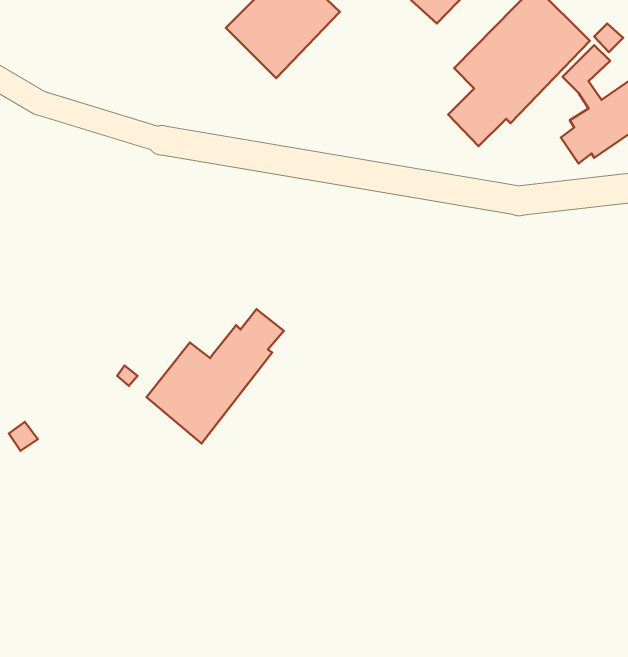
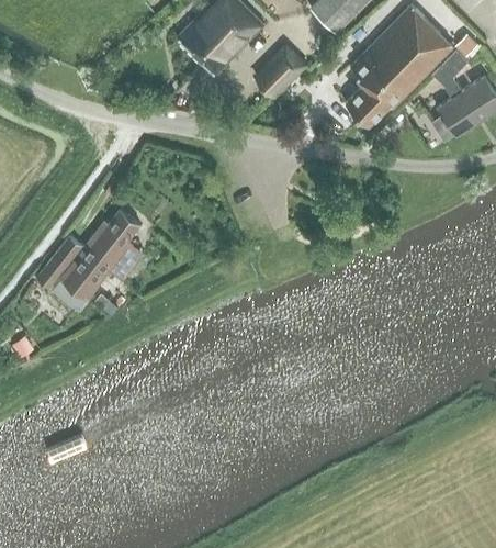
building: none -> [256,46,305,96]
building: [147,309,284,443] -> [36,209,140,311]

